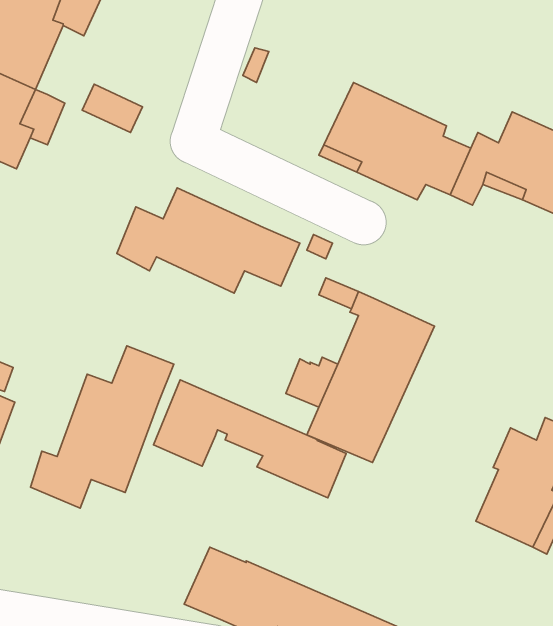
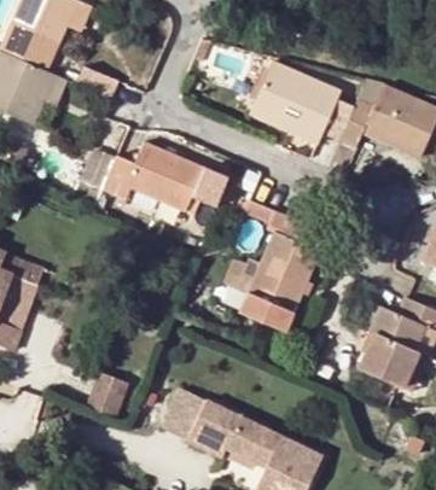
building: [31,346,174,508] -> none
building: [154,380,346,498] -> none
building: none -> [91,372,133,419]

